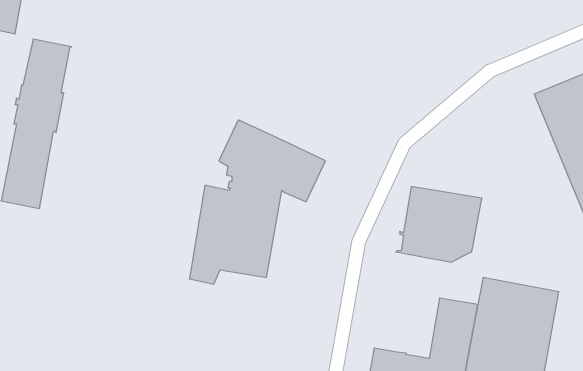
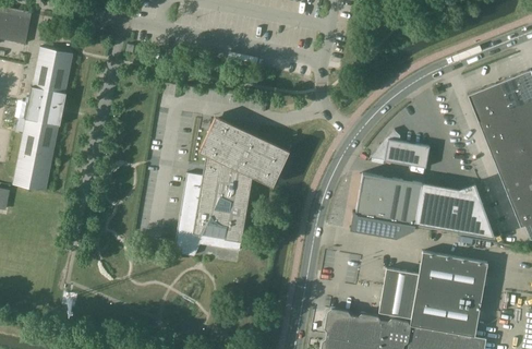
building: none -> [370,130,430,168]
building: none -> [414,183,494,239]

